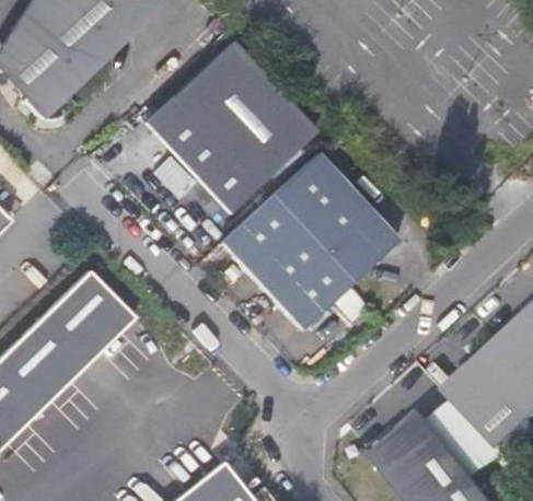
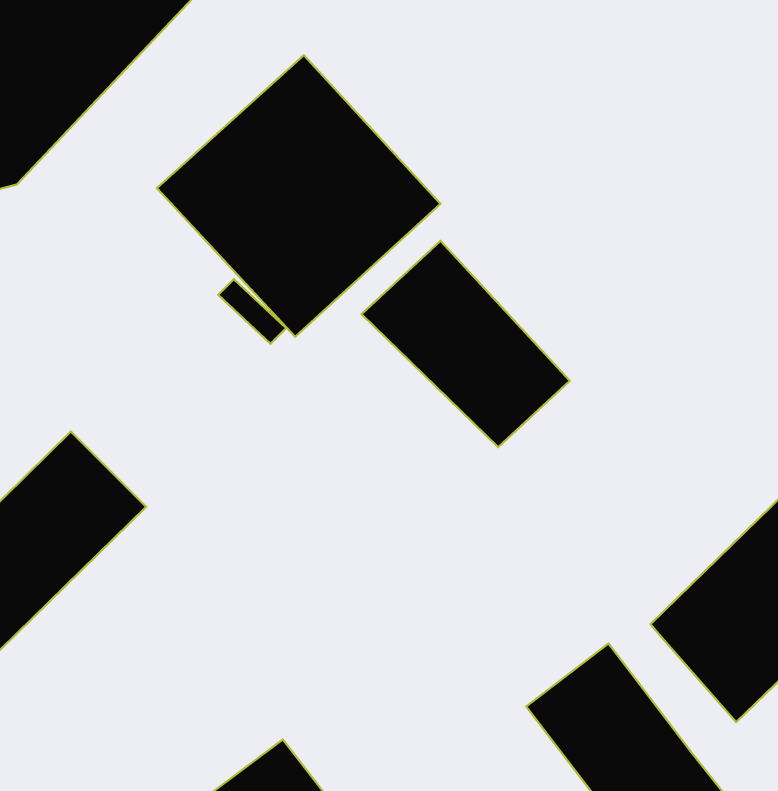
building: [221,198,356,329] -> none
building: [436,398,505,473] -> none

